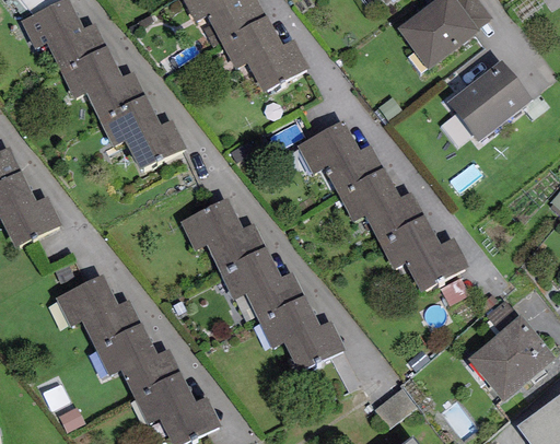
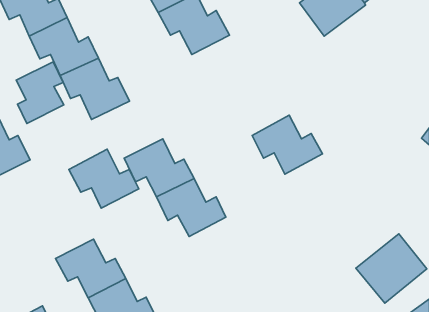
building: [446,59,532,142] -> none
building: none -> [16,62,64,124]
building: [296,119,384,192] -> none
building: [378,215,467,292] -> none
building: [52,272,140,346] -> [69,149,139,208]
building: [259,294,347,372] -> none

